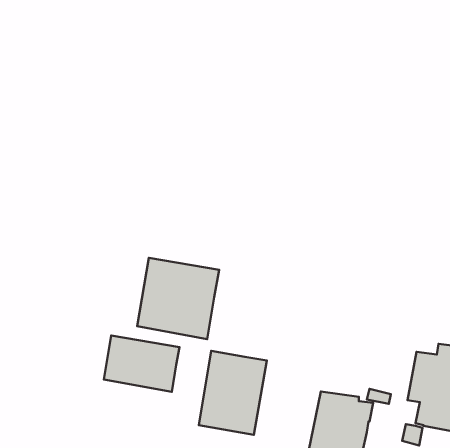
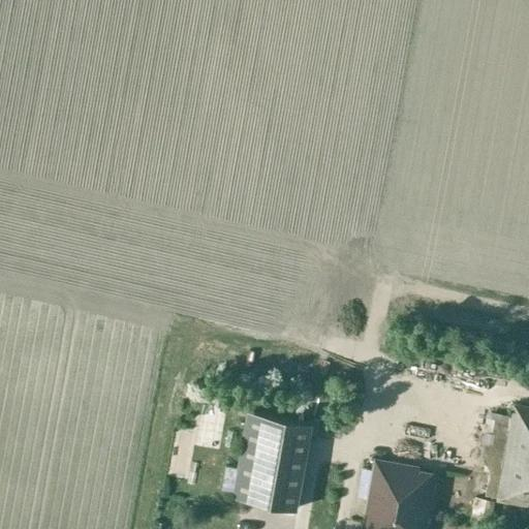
building: [137,258,219,339] -> none
building: [104,336,180,392] -> none

